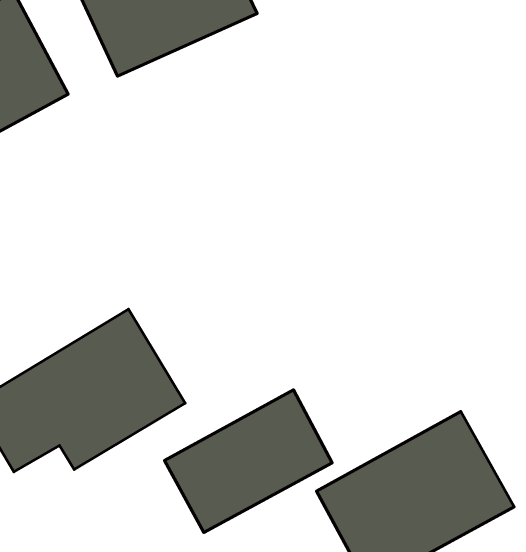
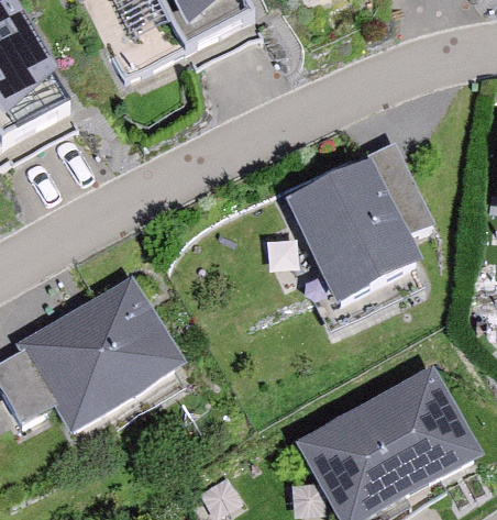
building: none -> [292,165,423,305]
building: [164,390,332,533] -> none

